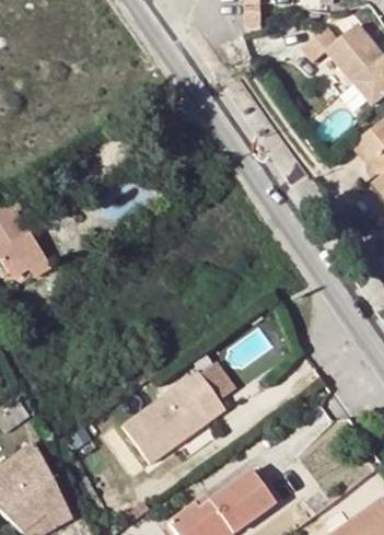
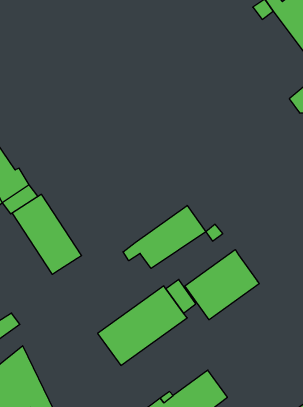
building: none -> [12,194,82,274]
building: none -> [123,205,206,268]
building: none -> [185,250,259,320]

